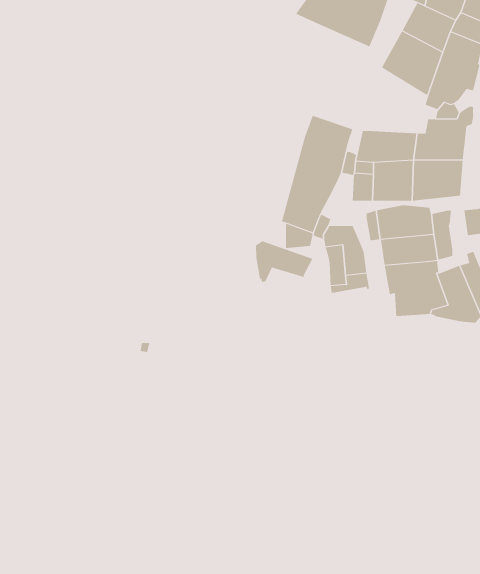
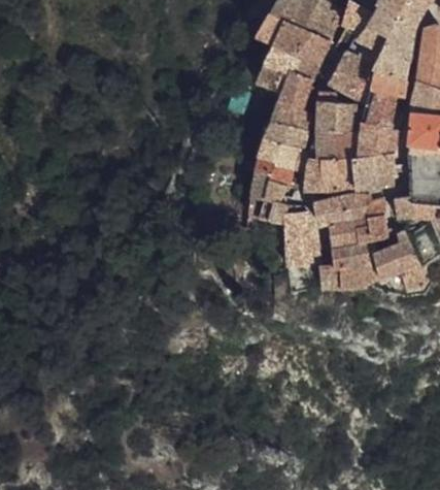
building: none -> [260,47,318,132]
building: none -> [315,92,365,135]
building: [255,241,313,283] -> none

